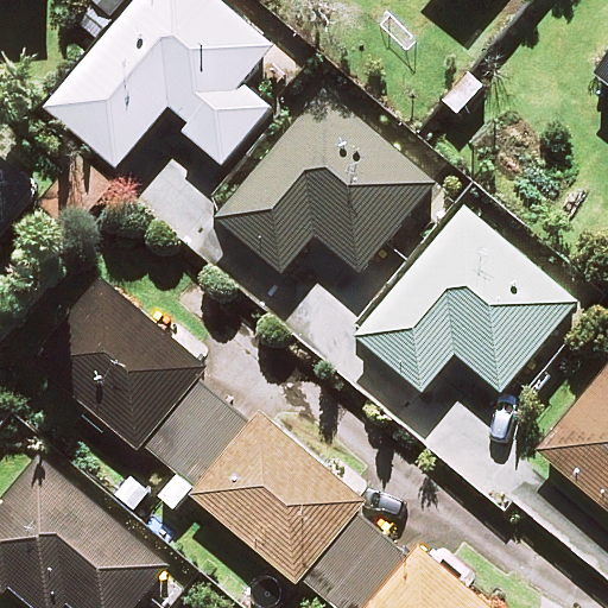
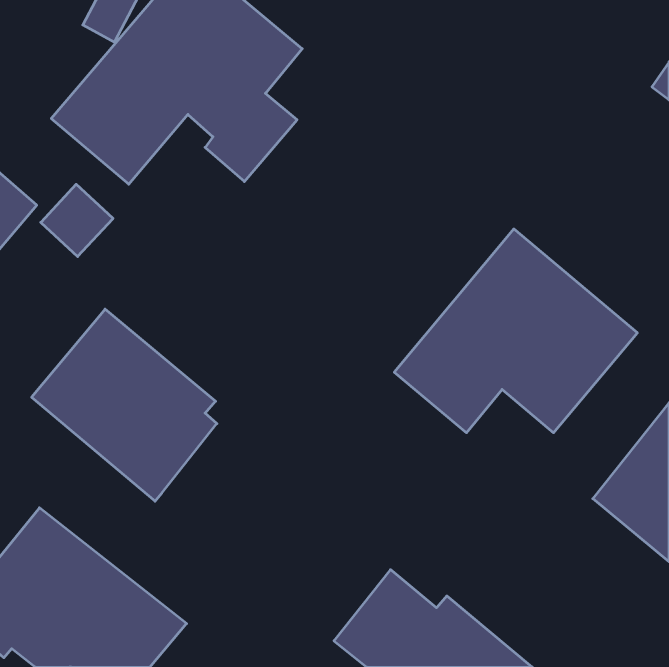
building: [216,90,433,272] -> none
building: [146,382,362,584] -> none

